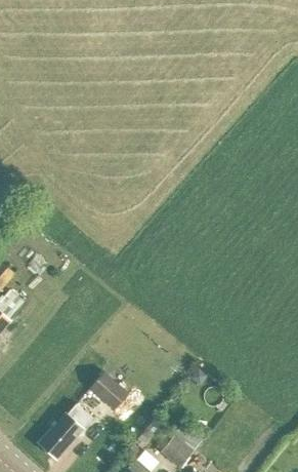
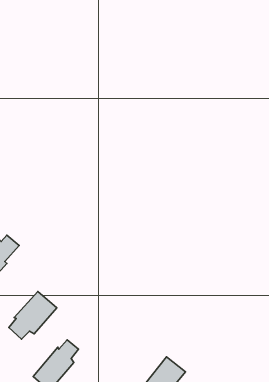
building: none -> [9,291,57,339]
building: [88,372,127,410] -> none

